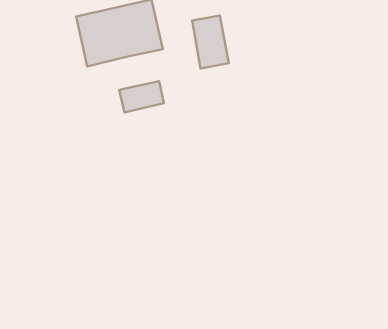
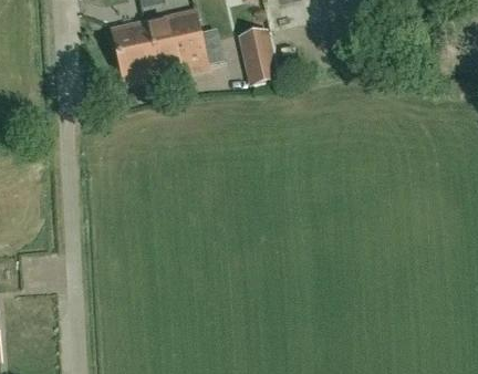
building: [119,81,164,112] -> none

